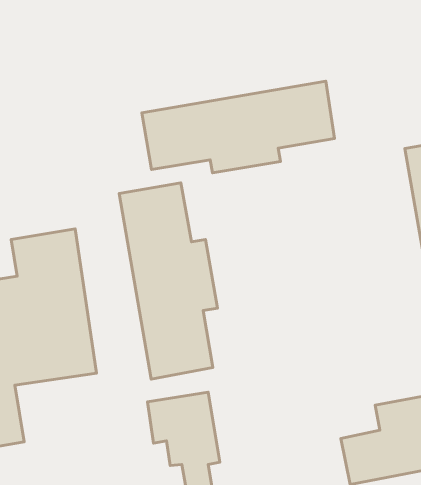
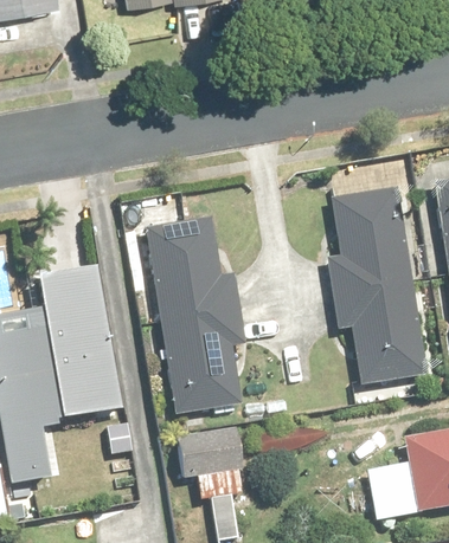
building: [142,81,335,173] -> none
building: none -> [328,188,430,386]

